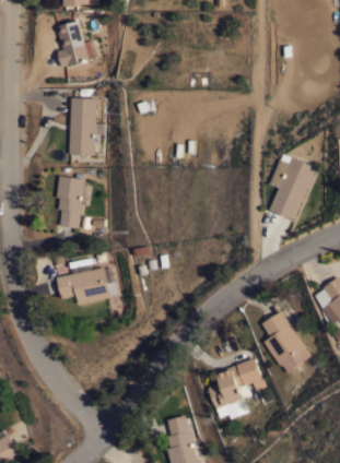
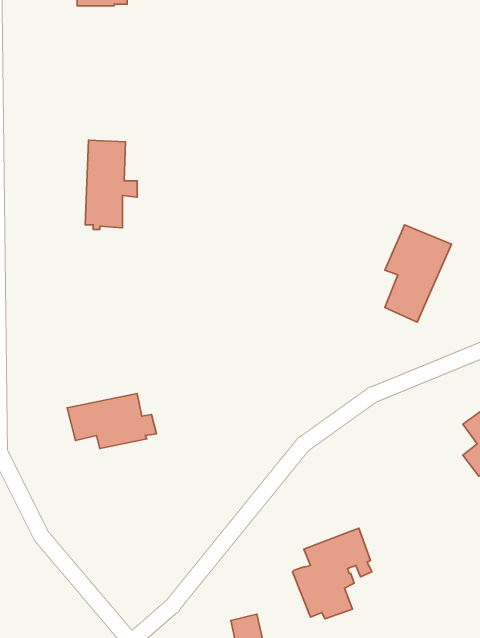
building: [57,21,89,68] -> none
building: [57,176,91,228] -> none
building: [262,311,310,373] -> none

